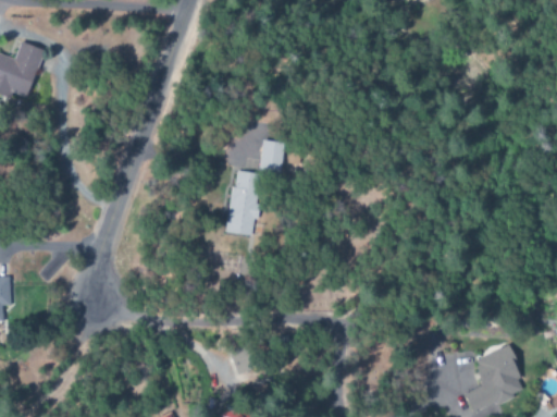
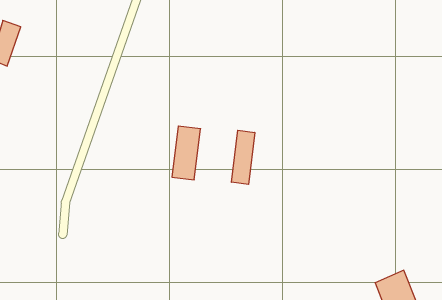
building: [258,138,285,171] -> none
building: none -> [231,130,255,184]

